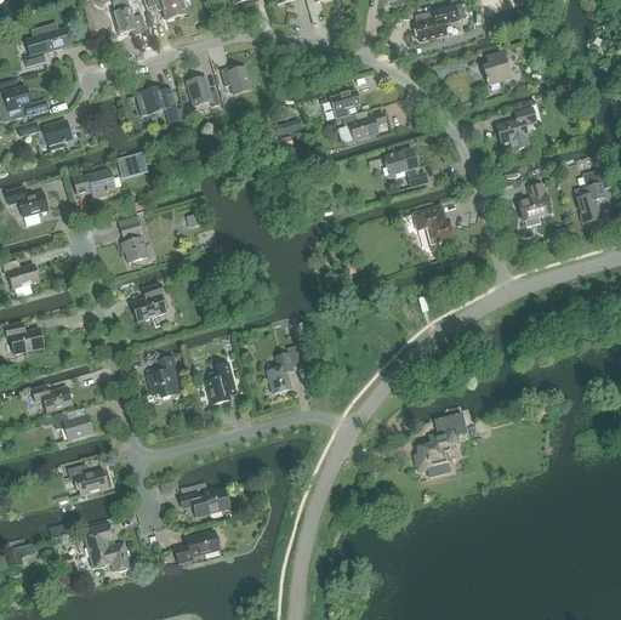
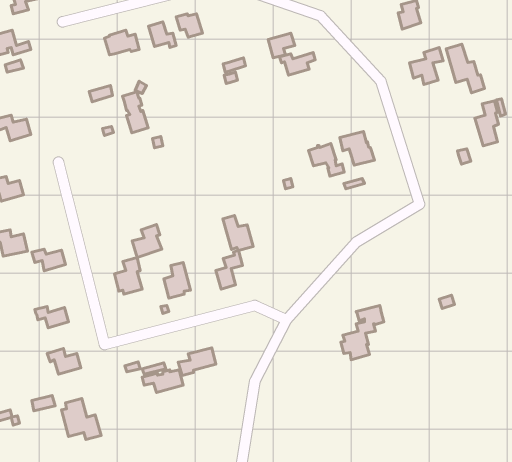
building: none -> [446,44,485,93]
building: [44,119,70,149] -> none
building: [384,147,427,186] -> [308,143,344,176]
building: [73,169,114,198] -> none
building: [518,182,551,220] -> none
building: [118,214,148,262] -> [123,92,148,133]
building: [131,281,166,320] -> [132,225,162,257]
building: none -> [223,216,253,250]
building: [32,385,72,410] -> [32,249,66,271]
building: [173,529,218,562] -> [178,348,216,375]

